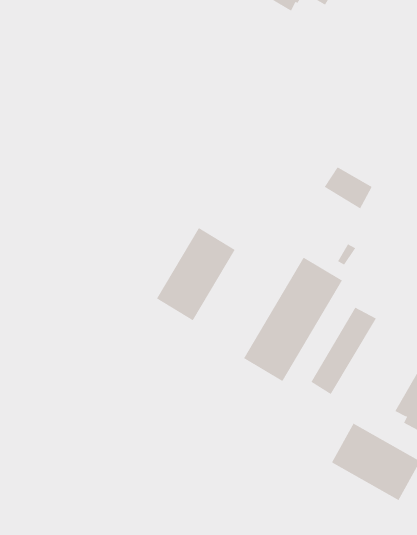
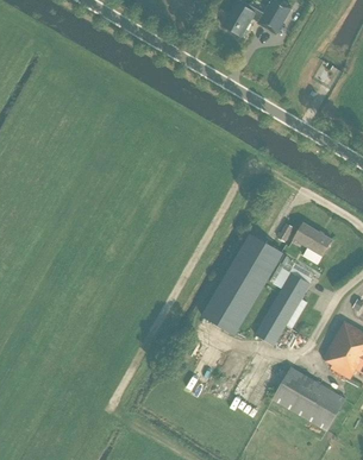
building: [324,166,372,209] -> [293,221,332,256]
building: [156,227,235,321] -> none

